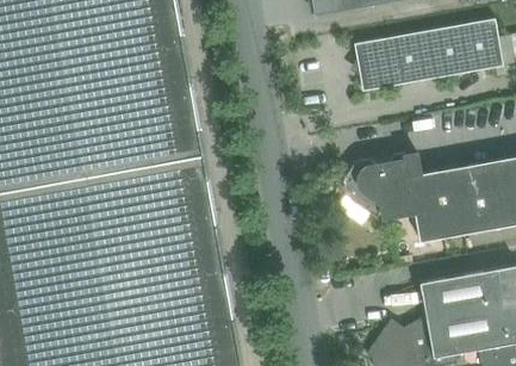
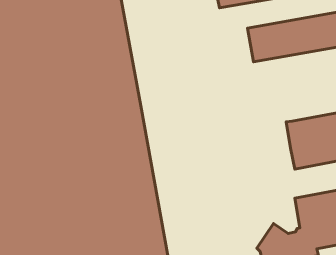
building: [343,153,417,219] -> none

